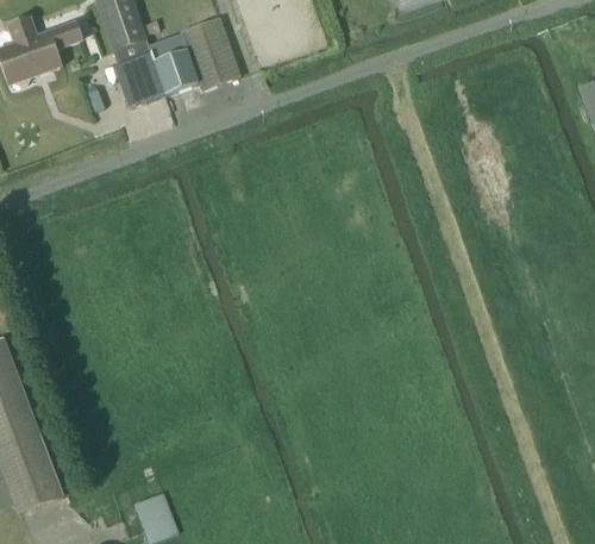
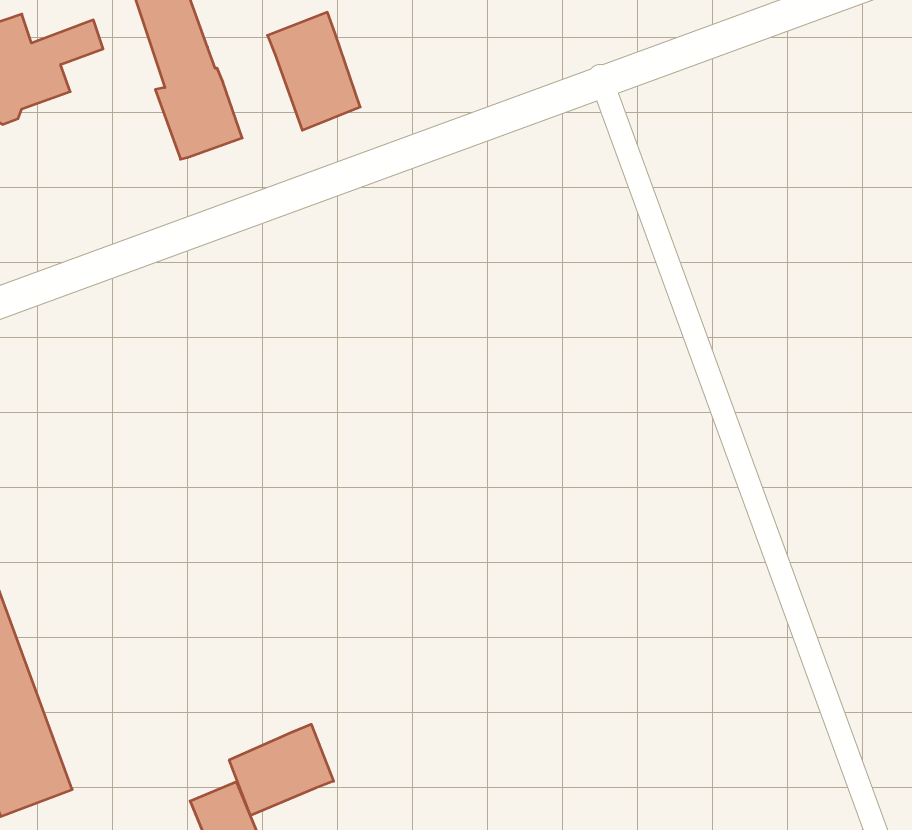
building: [154,48,196,93] -> none
building: none -> [229,724,334,815]

